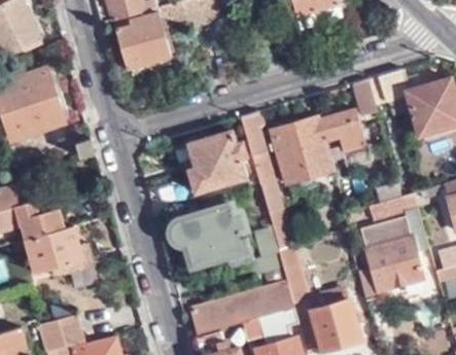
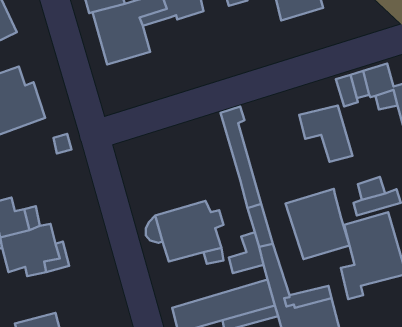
building: [270,114,332,183] -> [286,189,350,259]
building: [187,131,248,192] -> none

